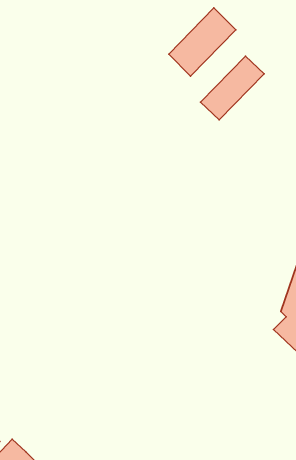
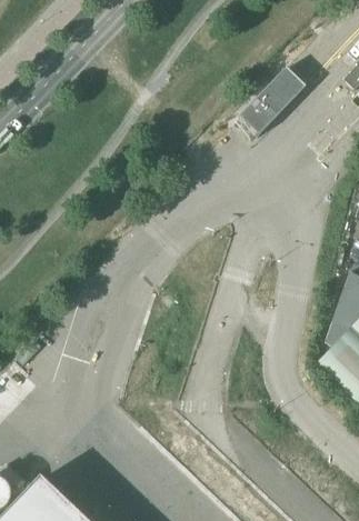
building: [169,8,236,76] -> none

